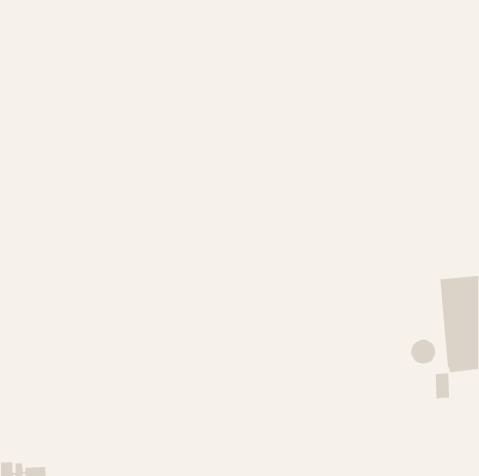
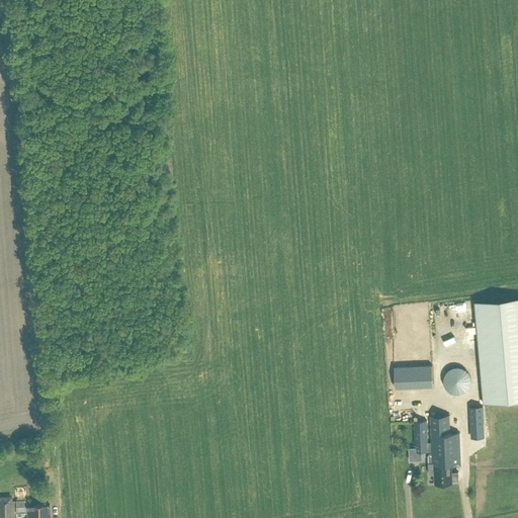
building: none -> [395,366,433,390]
building: none -> [414,417,460,486]

